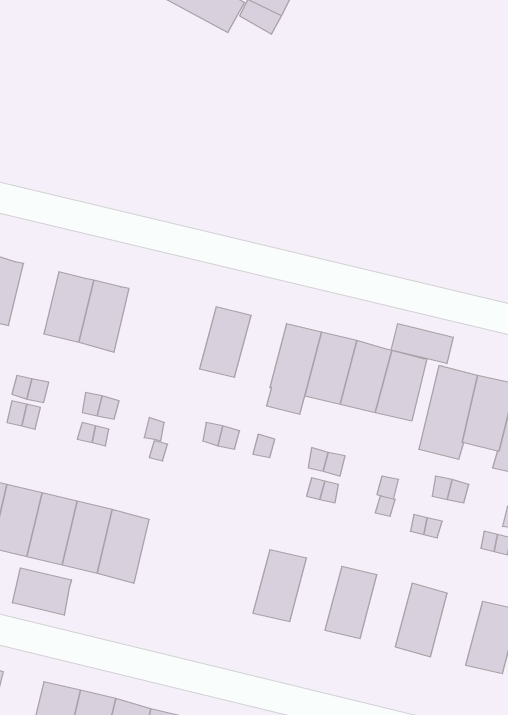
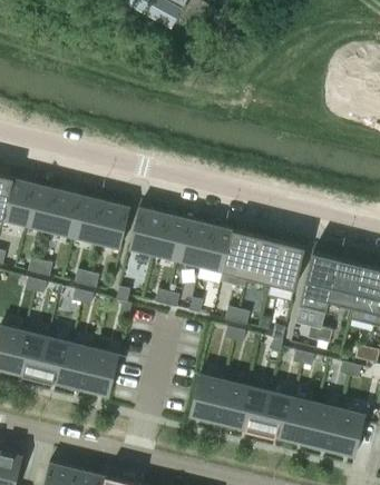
building: none -> [26,184,59,230]
building: none -> [96,200,130,248]
building: none -> [128,206,164,254]
building: none -> [176,218,211,266]
building: [391,324,453,364] -> none
building: none -> [213,379,247,427]
building: [12,568,71,615] -> none
building: none -> [260,390,294,438]
building: none -> [306,403,341,451]

